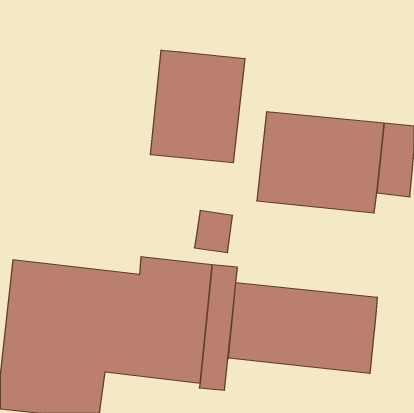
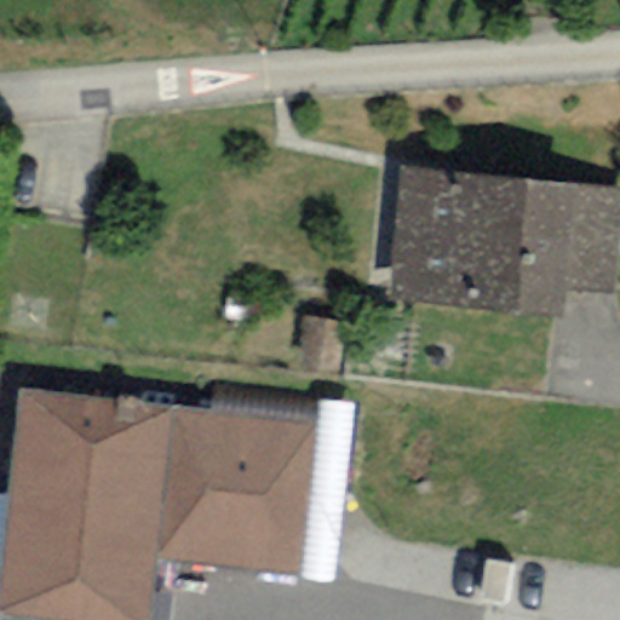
building: [150,50,245,163] -> none
building: [229,282,377,374] -> none

